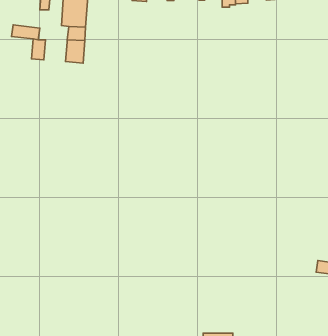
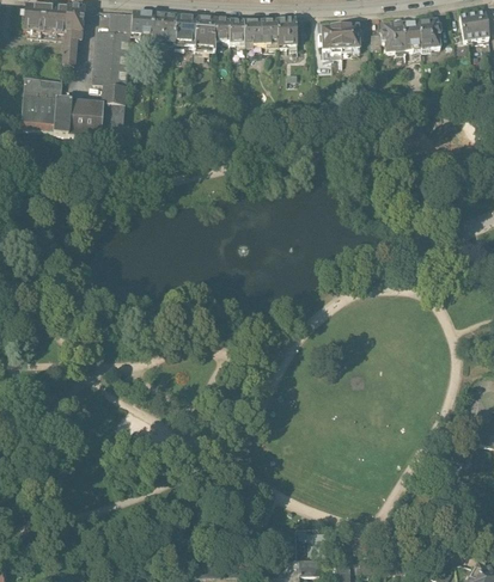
building: none -> [16,100,50,133]
building: none -> [66,105,99,136]

